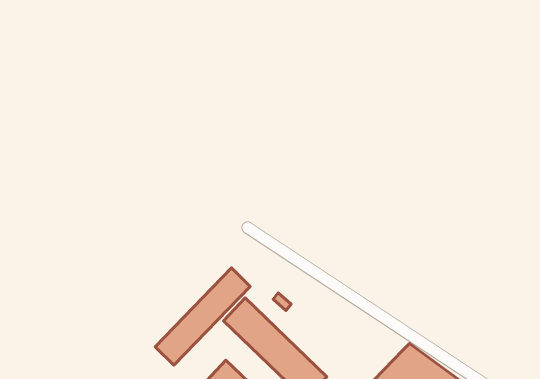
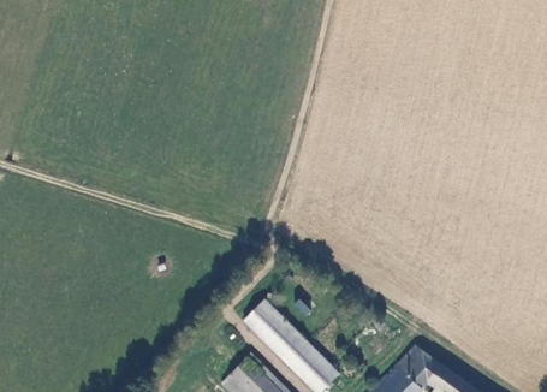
building: [155,268,250,365] -> none

